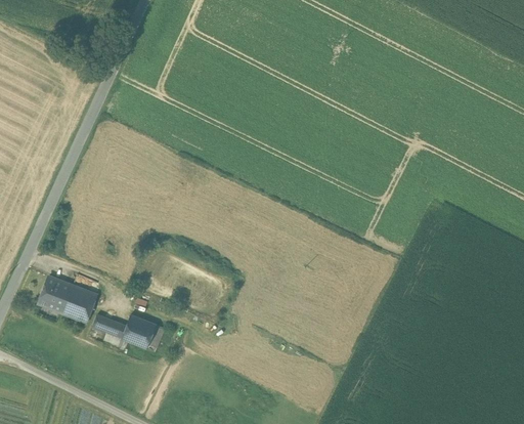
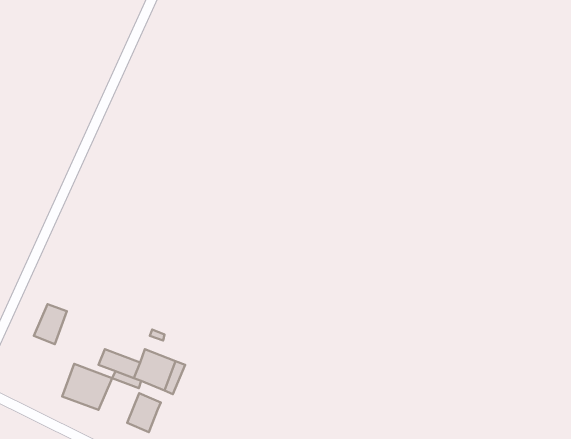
building: [54,282,96,321] -> [62,364,112,410]
building: none -> [127,393,161,432]

